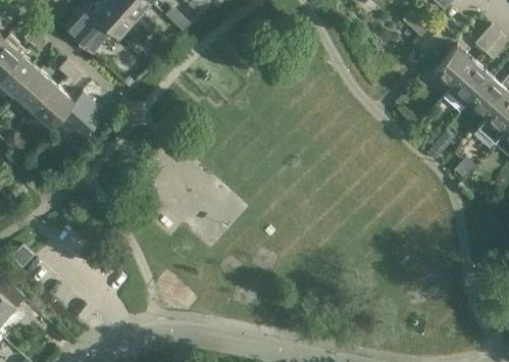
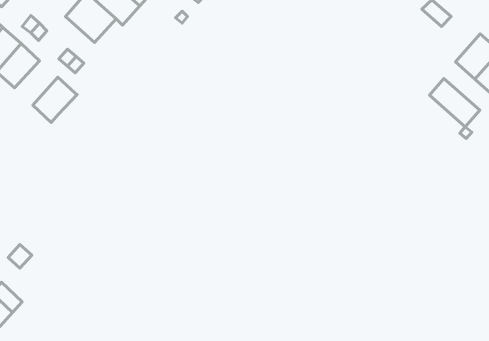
building: [16,72,57,114] -> none
building: none -> [429,78,480,127]
building: [58,94,105,143] -> none

